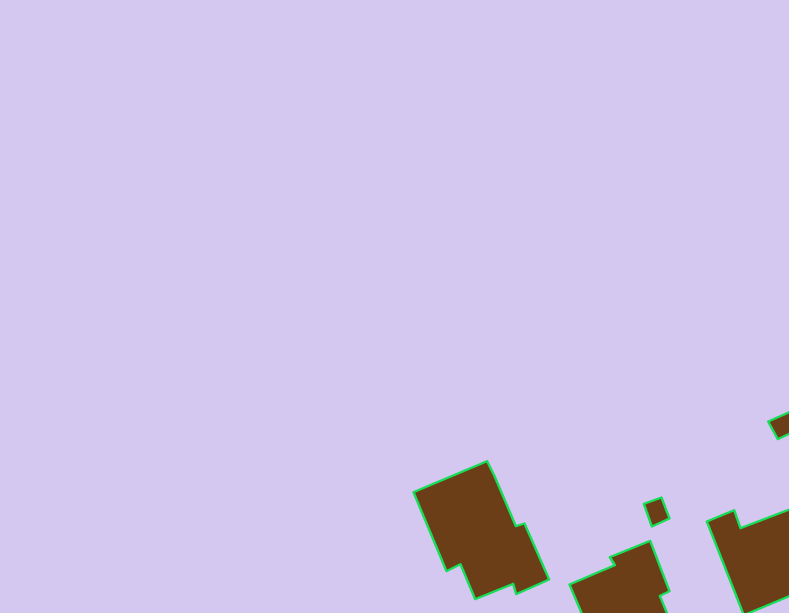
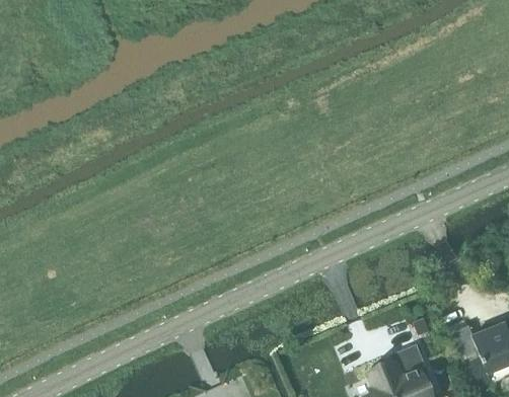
building: [414,461,549,599] -> none

